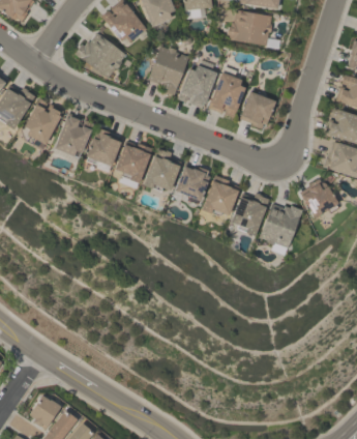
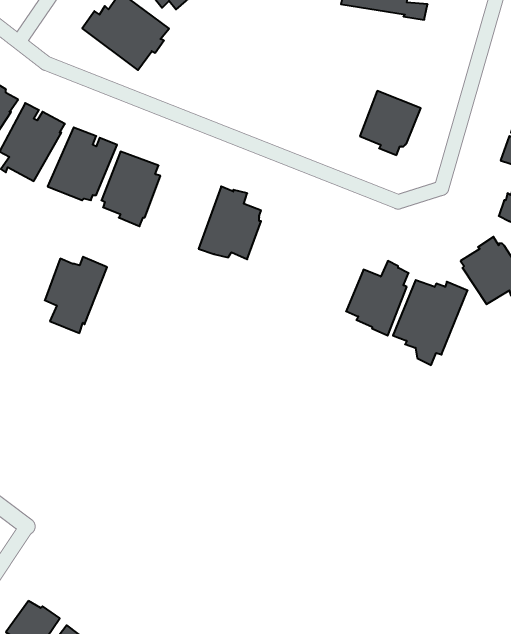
building: [148,46,189,94] -> none
building: [178,64,217,108] -> none
building: [208,72,245,117] -> none
building: [116,143,153,188] -> [45,257,107,333]
building: [176,167,210,203] -> none
building: [203,175,239,215] -> none

